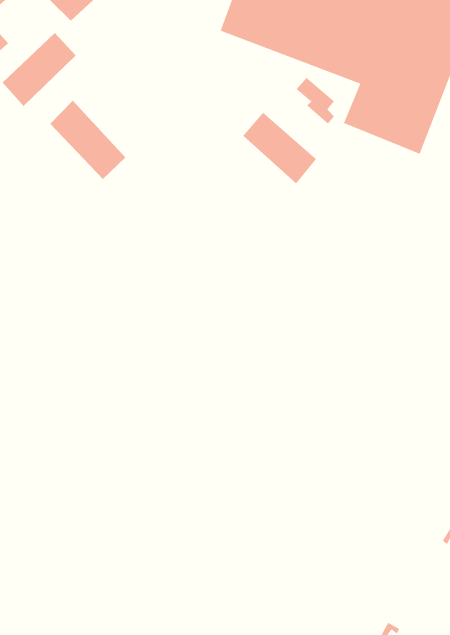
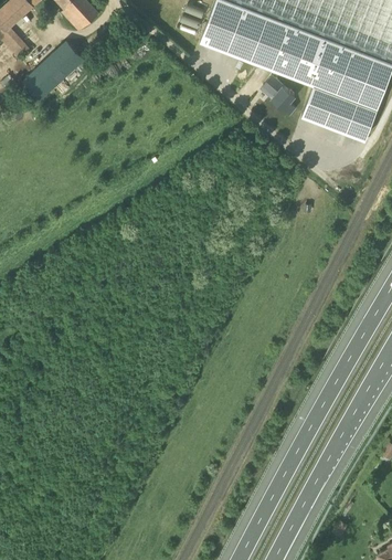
building: [50,100,126,180] -> none
building: [242,112,317,184] -> none

